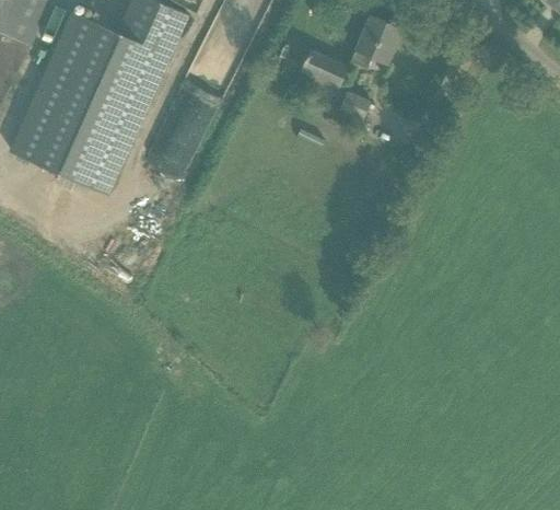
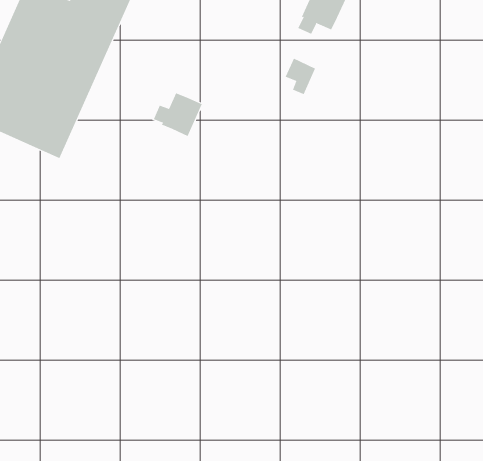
building: [300,49,348,88] -> none
building: none -> [153,93,203,137]

